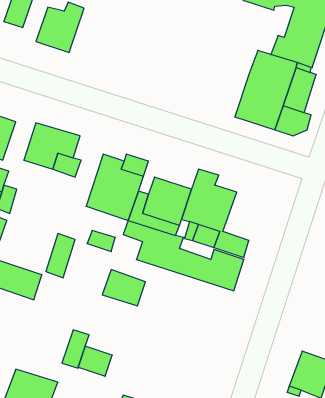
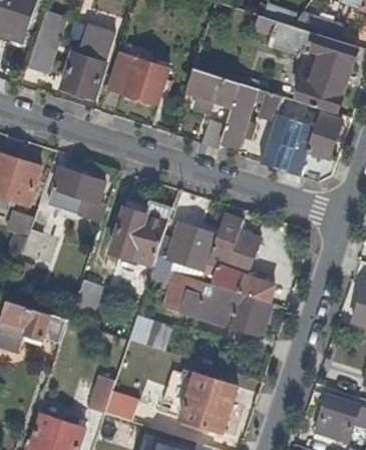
building: none -> [110,53,168,103]
building: none -> [186,66,283,148]
building: none -> [181,366,246,428]

